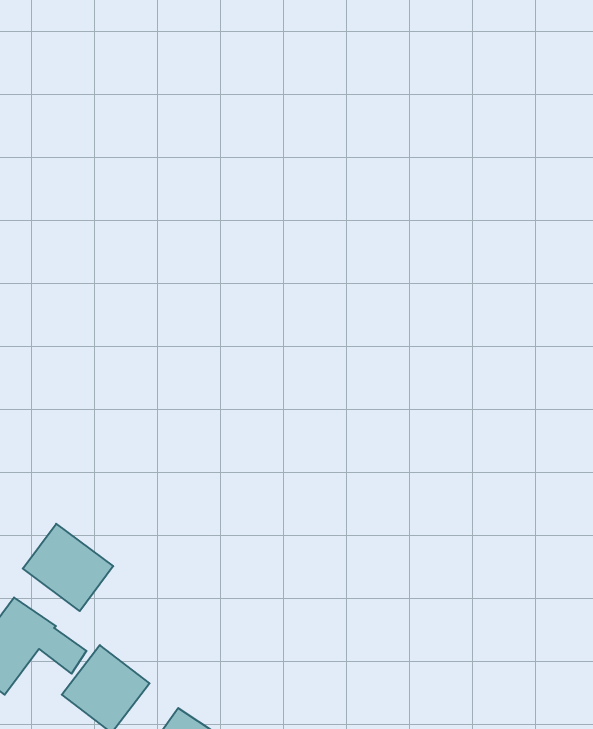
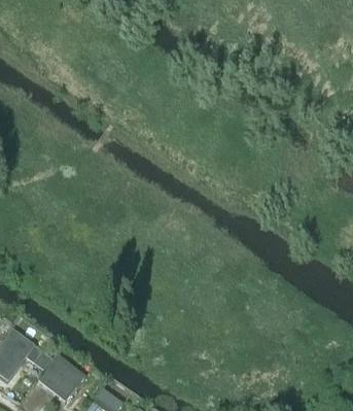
building: [23,524,113,611] -> none

